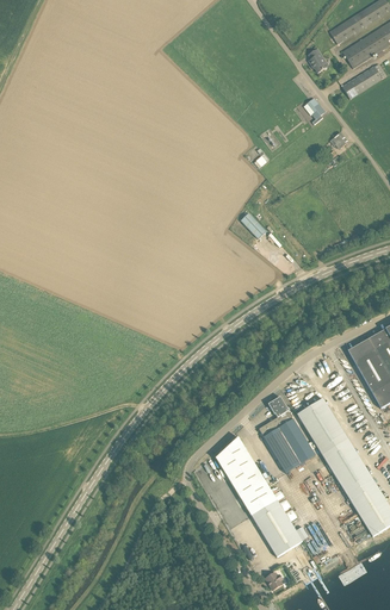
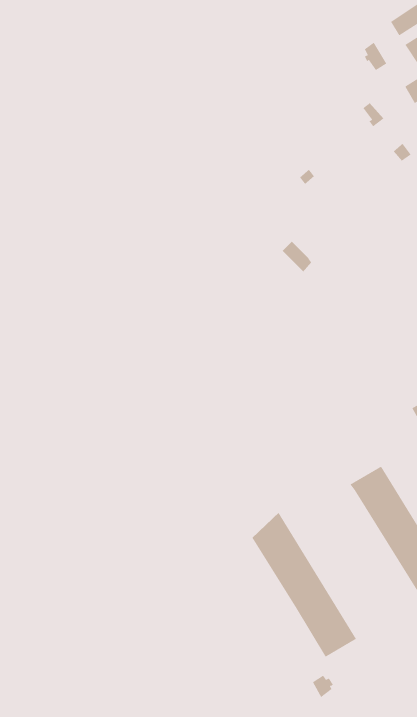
building: [258,396,314,472] -> none

